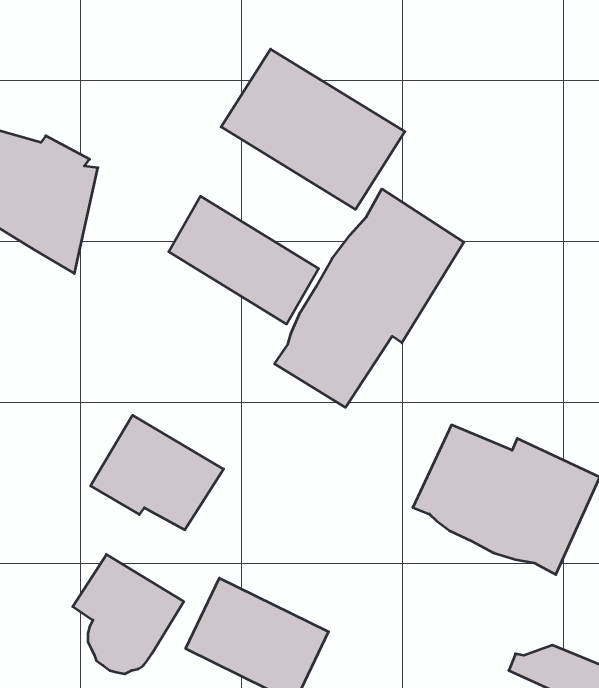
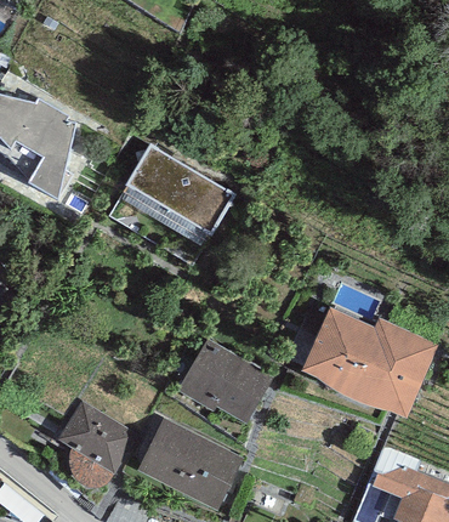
building: [221,49,405,209] -> none
building: [275,189,464,407] -> none
building: [91,415,224,530] -> [176,339,272,421]

